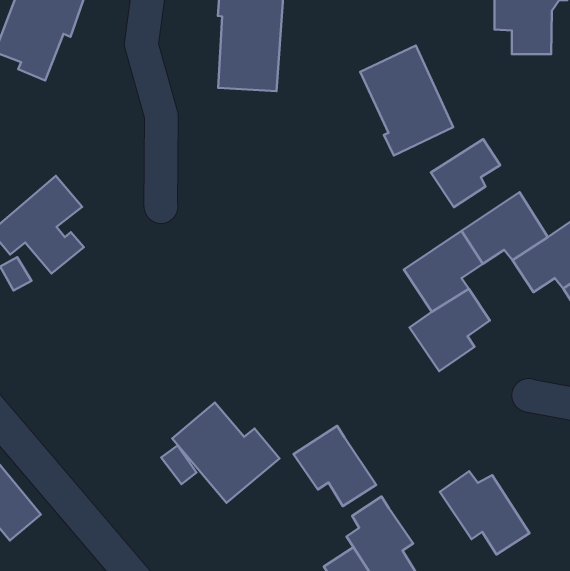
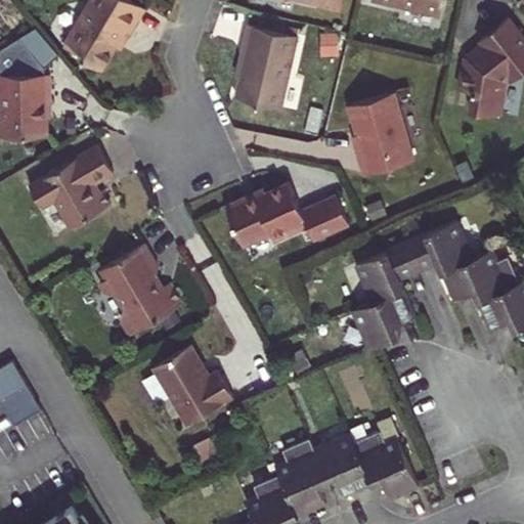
building: [431,139,500,207] -> none
building: none -> [223,183,347,250]
building: none -> [98,246,180,338]
building: [293,426,376,506] -> [312,434,373,497]

